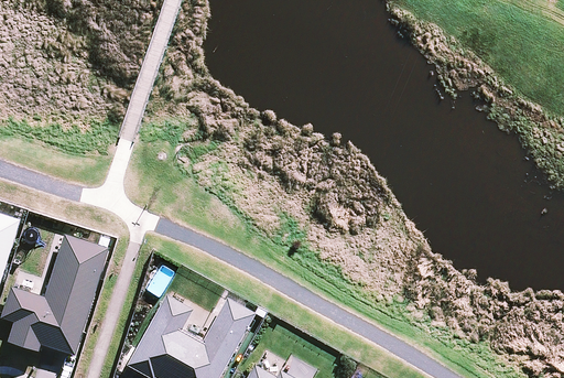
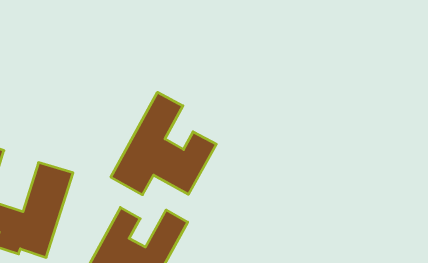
building: none -> [111,92,216,195]

